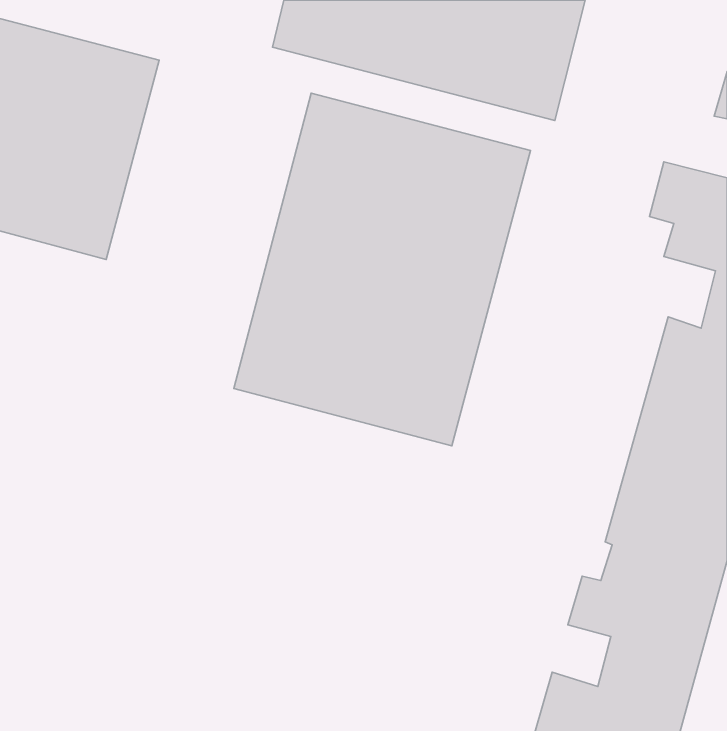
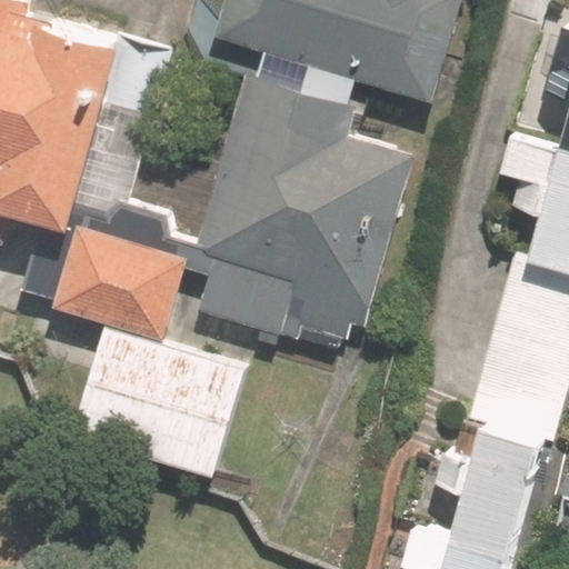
building: none -> [52,230,184,330]
building: none -> [86,335,246,471]

